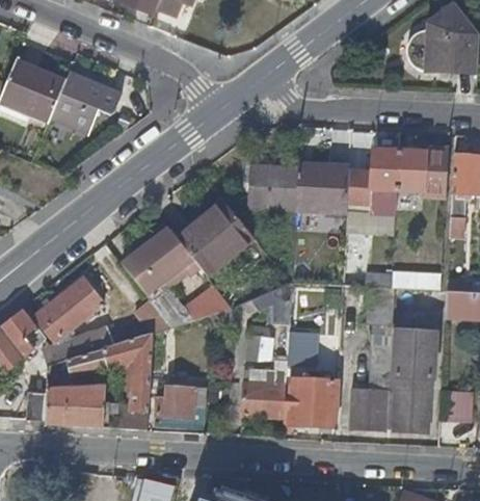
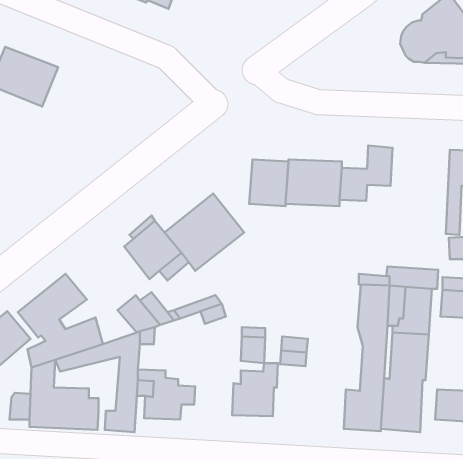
building: [55,72,126,128] -> none
building: [396,154,449,193] -> none
building: [118,251,160,295] -> none
building: [257,287,289,328] -> none
building: [283,378,337,429] -> none

